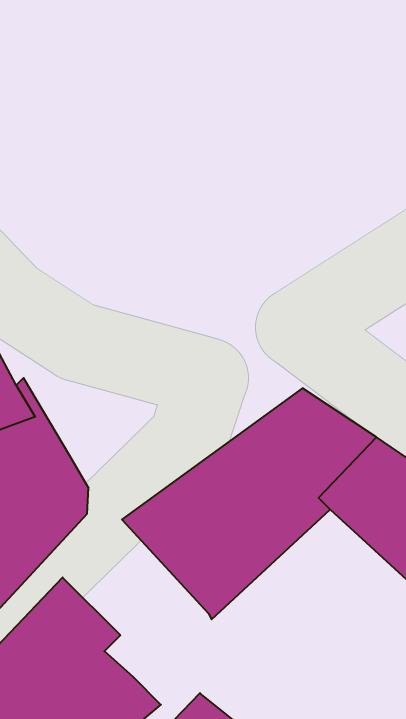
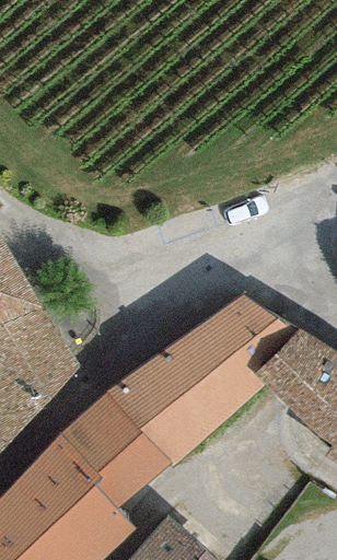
building: none -> [60,394,171,513]

